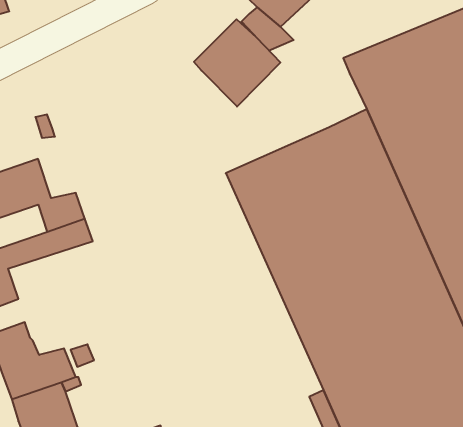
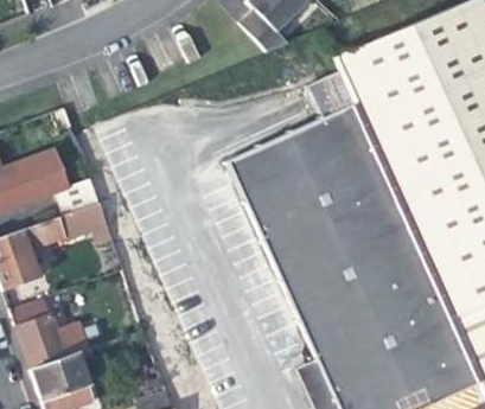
building: [194,19,280,107] -> none
building: none -> [308,71,357,120]

